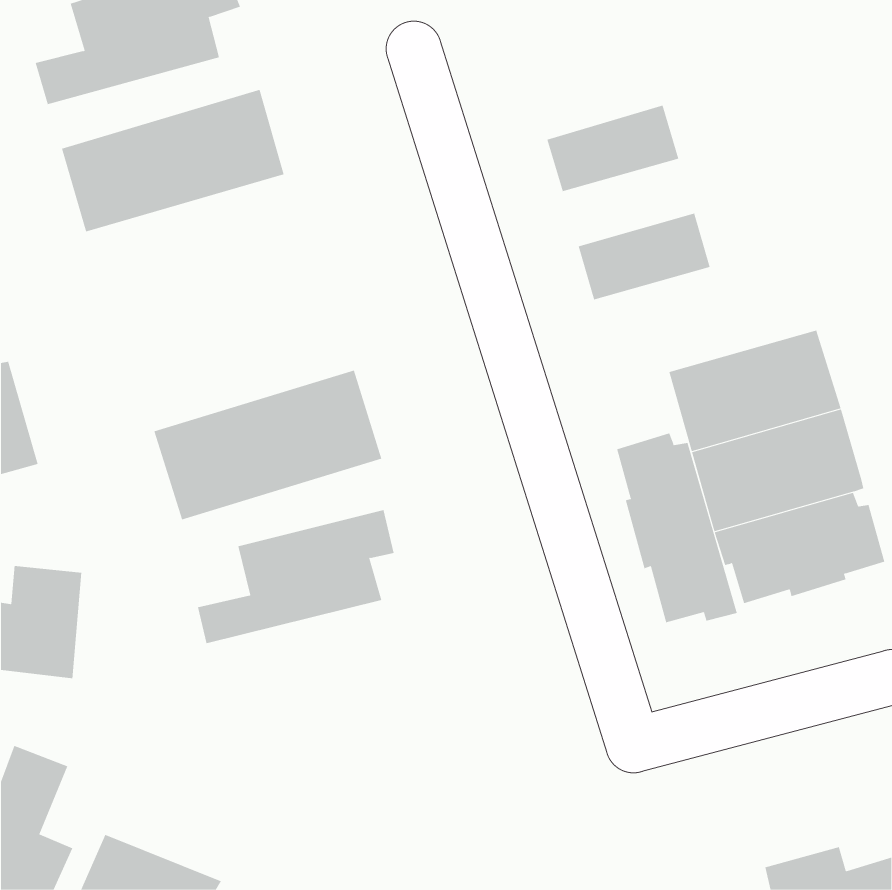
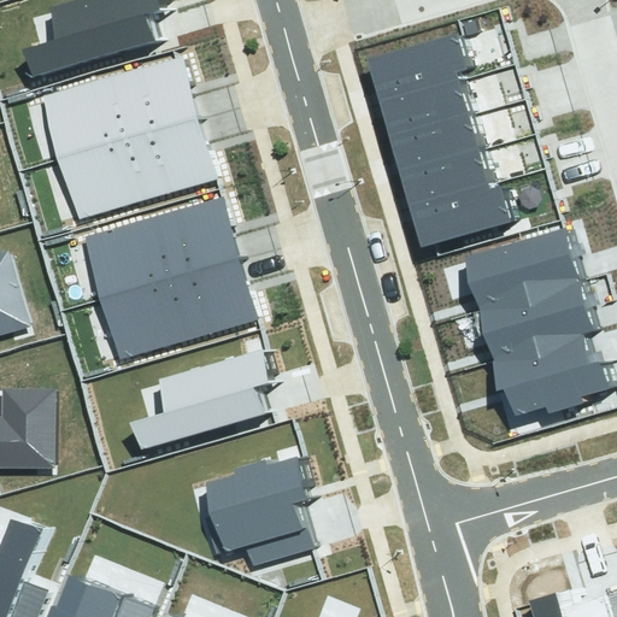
building: none -> [365,33,468,96]
building: none -> [388,110,480,170]
building: none -> [59,121,215,221]
building: none -> [410,181,512,245]
building: none -> [87,195,245,298]
building: [616,433,738,623] -> none
building: none -> [206,459,312,566]

